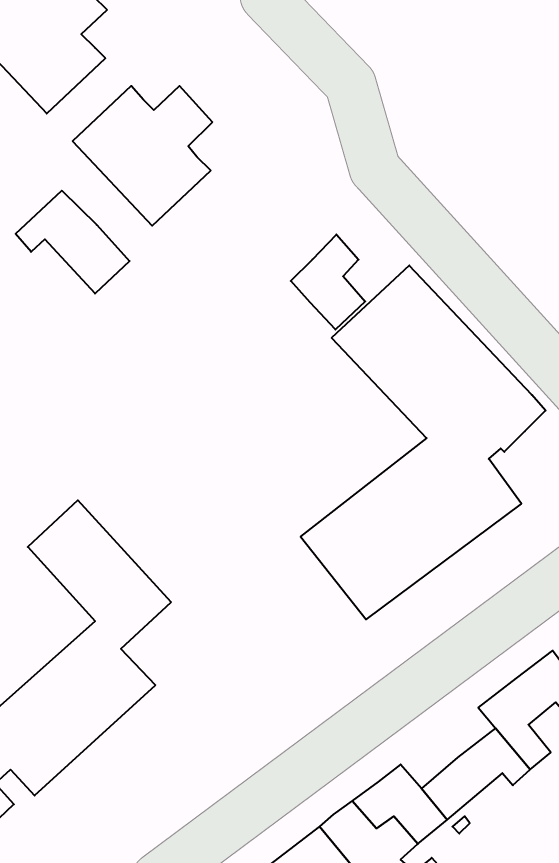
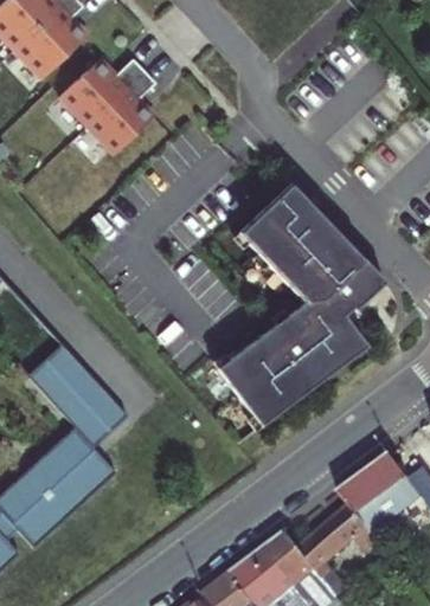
building: [16,191,130,294] -> none
building: [291,234,365,330] -> none

